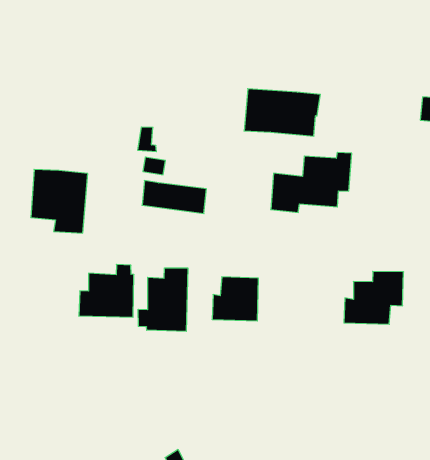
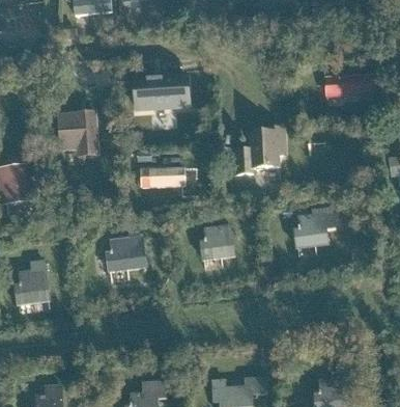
building: [244,89,320,136] -> [135,75,187,109]
building: [31,169,88,233] -> [57,111,98,156]
building: [138,268,188,331] -> none

